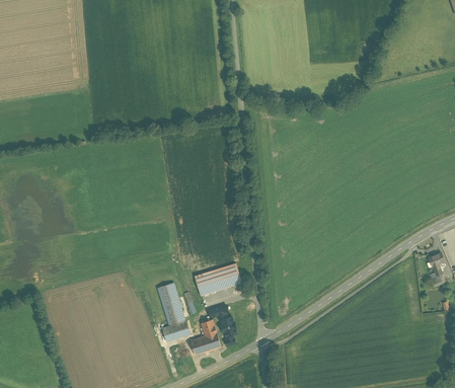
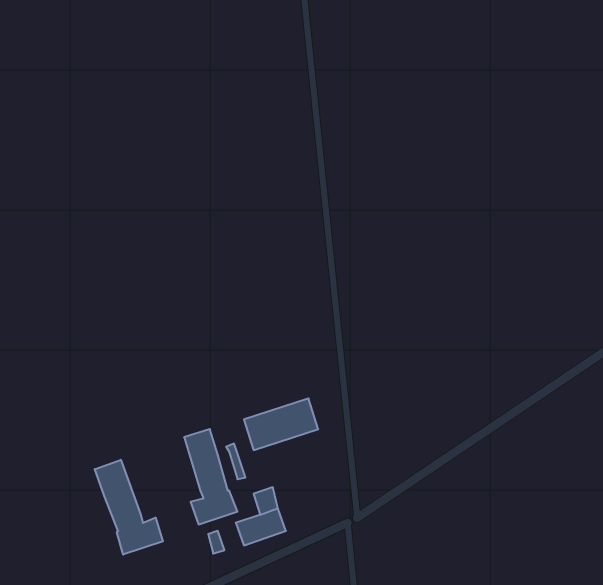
building: none -> [95,460,163,555]

